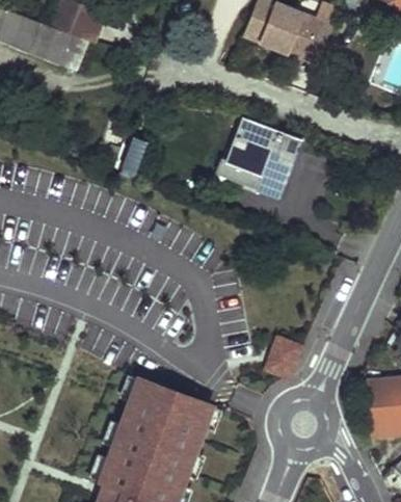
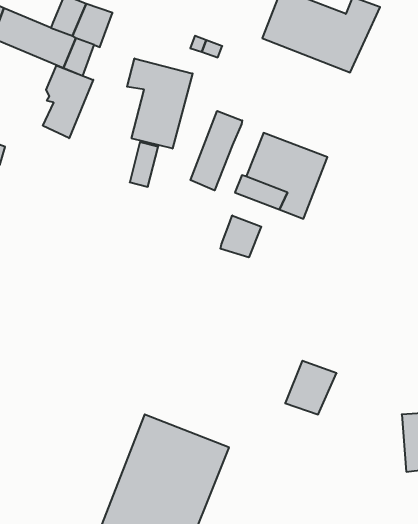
building: none -> [127,58,193,149]
building: none -> [43,65,93,138]
building: none -> [190,111,242,190]
building: none -> [220,215,261,257]

